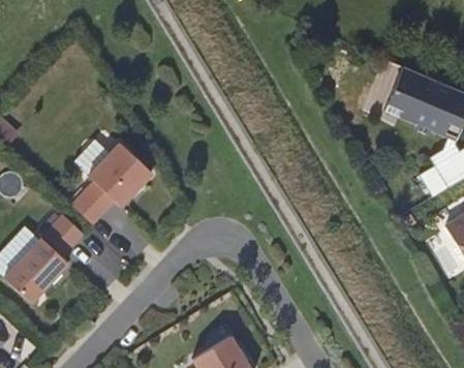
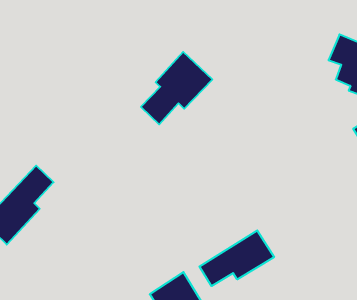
building: [71,143,152,224] -> [141,52,212,124]
building: none -> [199,230,274,286]

